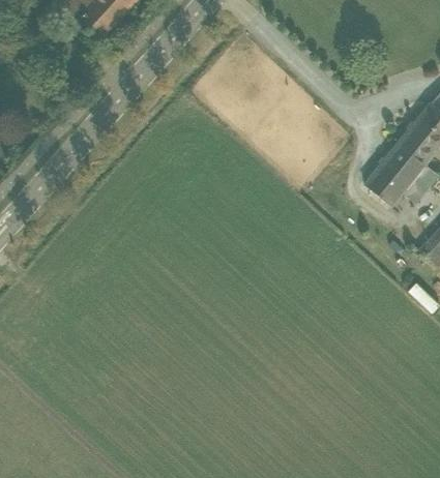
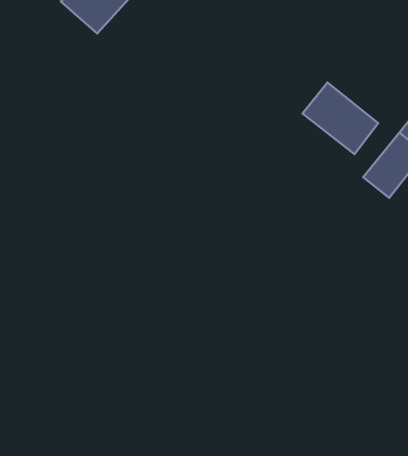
building: none -> [303,82,378,154]

